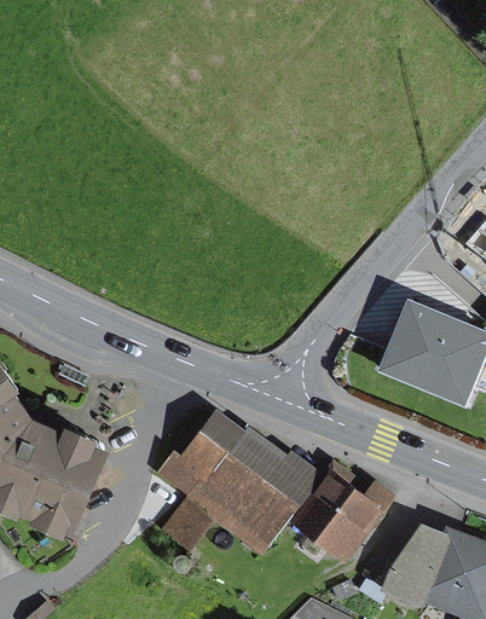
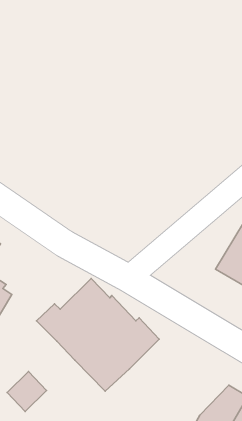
building: [284,468,394,566] -> none
building: [157,499,209,554] -> [7,371,46,412]

